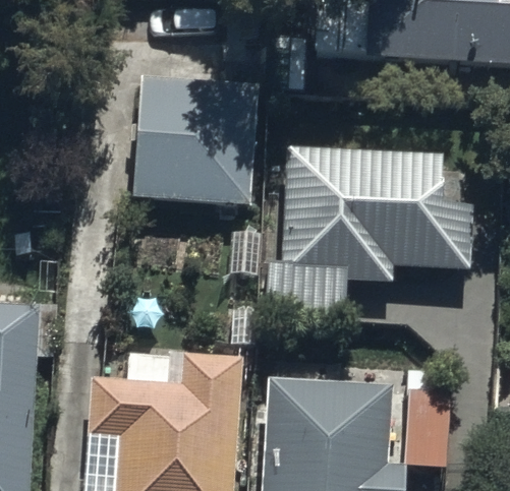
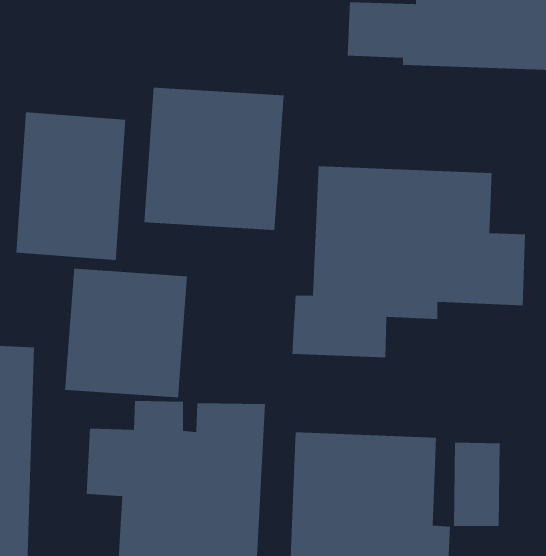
building: none -> [16,111,126,261]
building: none -> [65,268,188,398]

